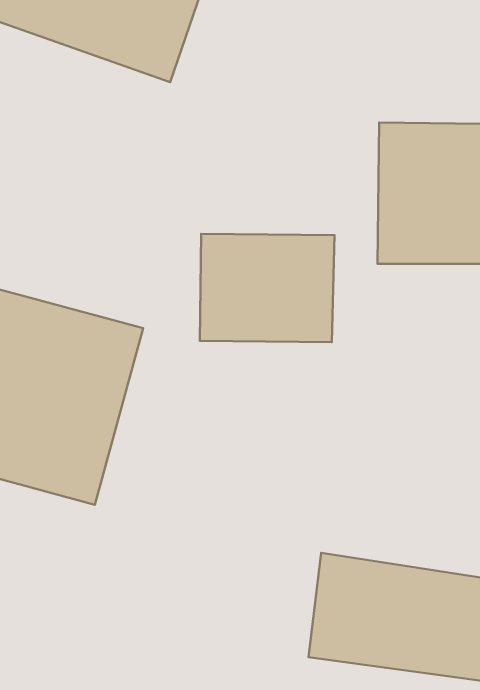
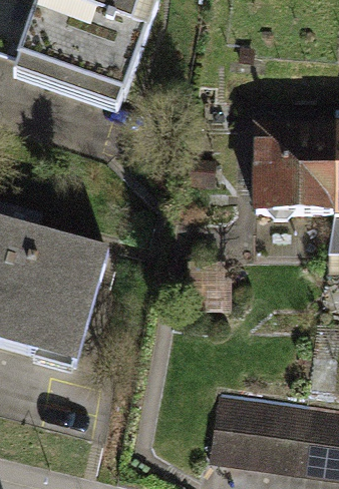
building: [200,234,335,342] -> none

